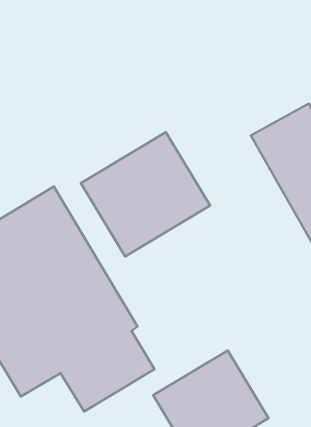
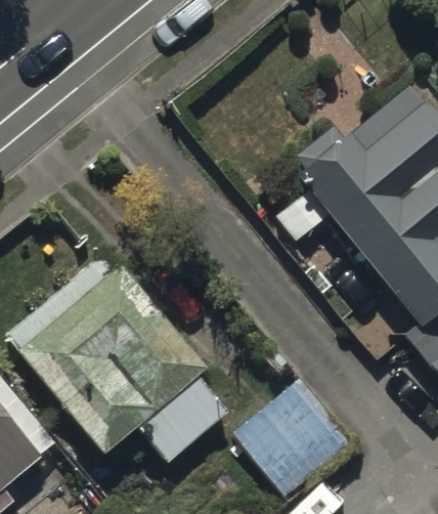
building: [81,132,210,257] -> none

